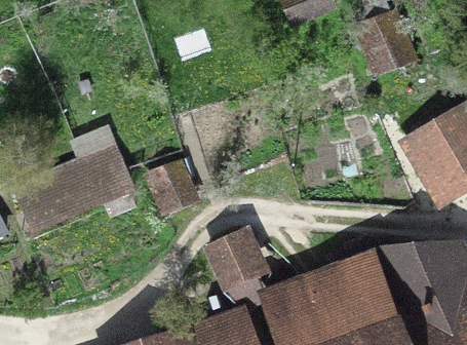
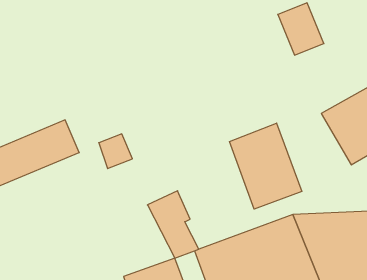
building: none -> [230,123,302,209]

